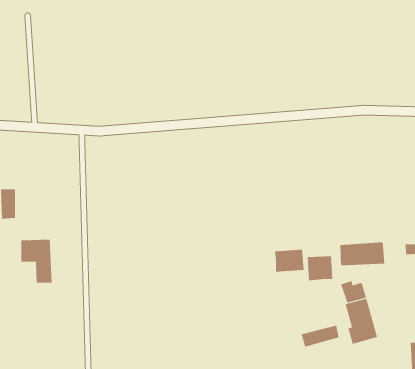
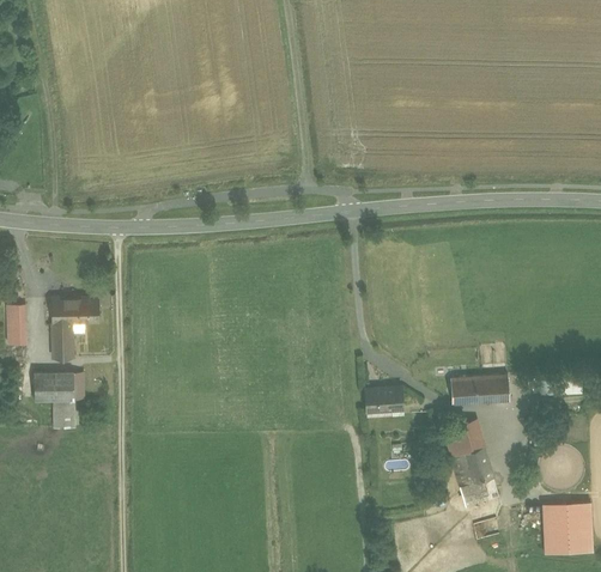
building: none -> [49,296,97,358]
building: [307,256,333,281] -> none
building: [301,325,339,347] -> none

